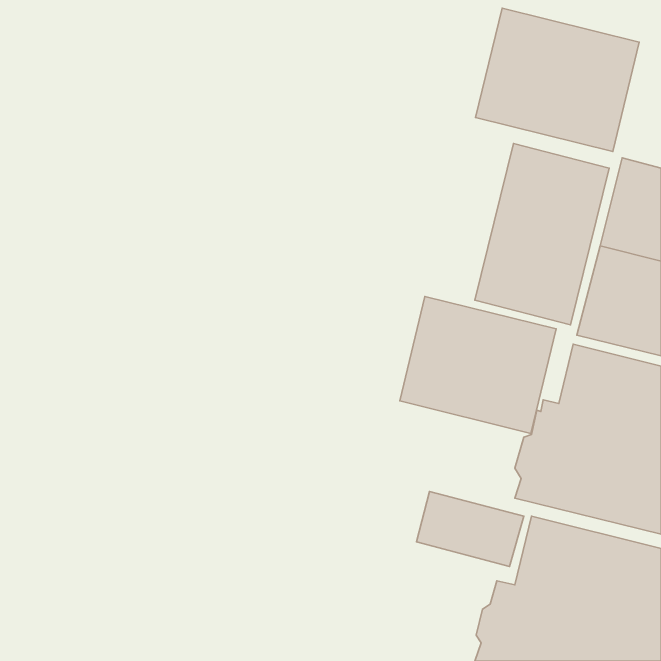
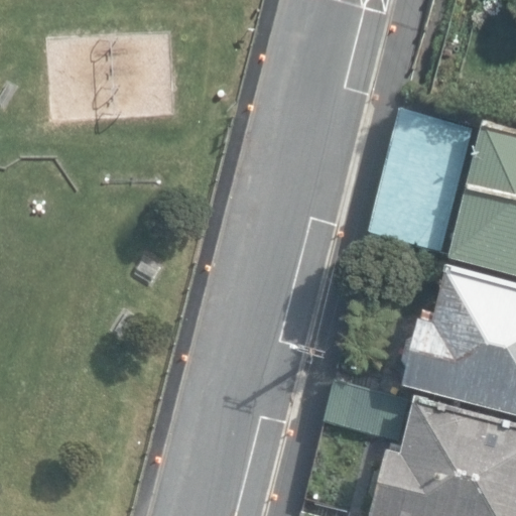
building: [476,8,639,152] -> none
building: [400,296,556,433] -> none

